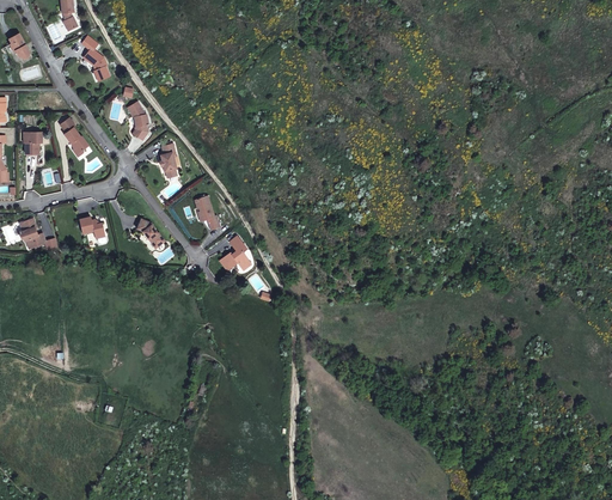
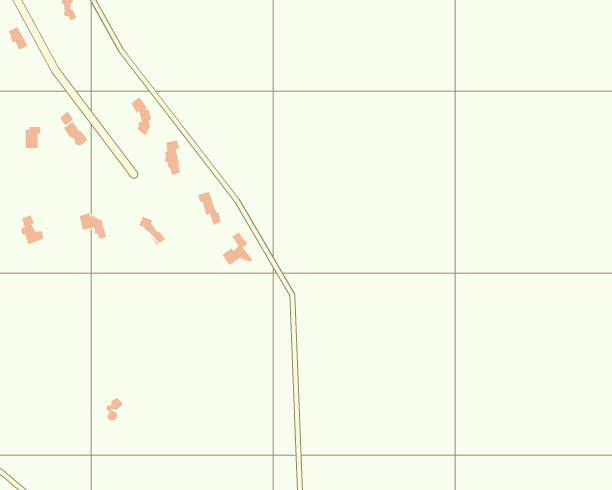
building: [75,33,110,81] -> none

